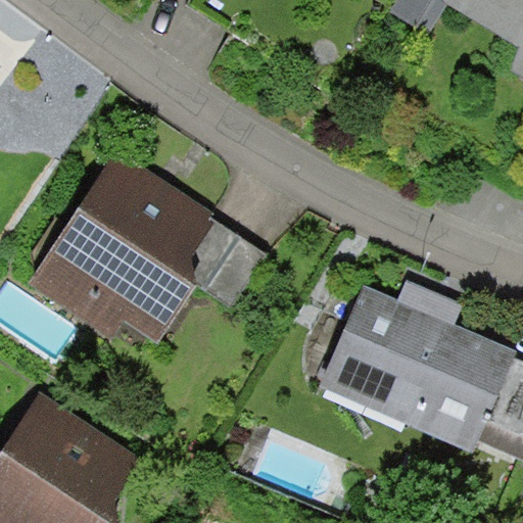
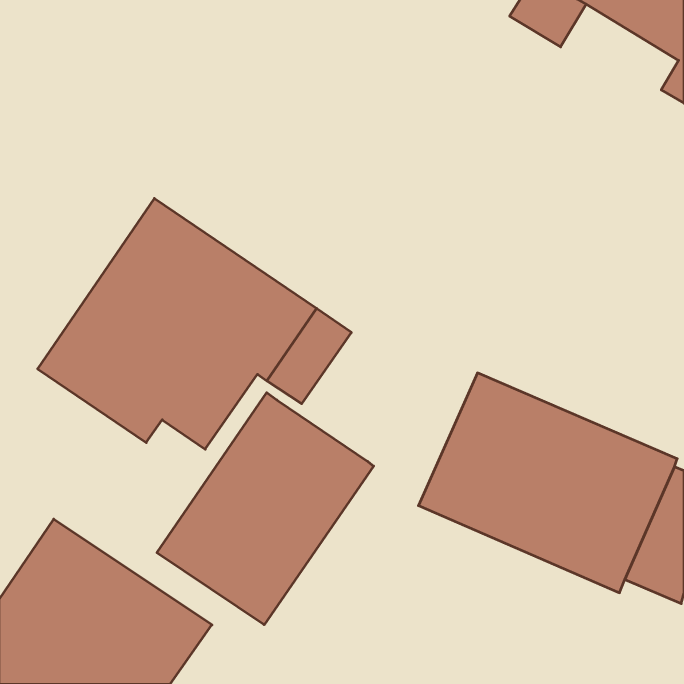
building: none -> [157,393,374,625]

